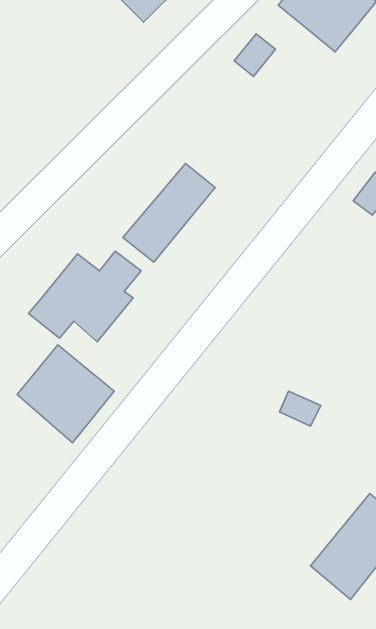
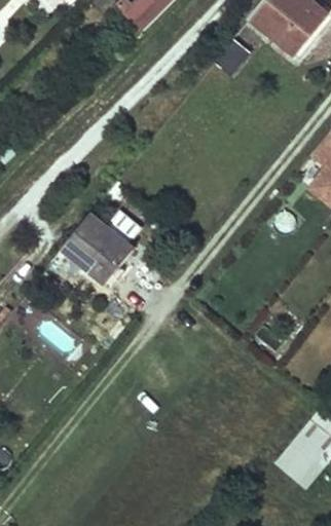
building: [123,164,215,262] -> none
building: [17,345,114,443] -> none

